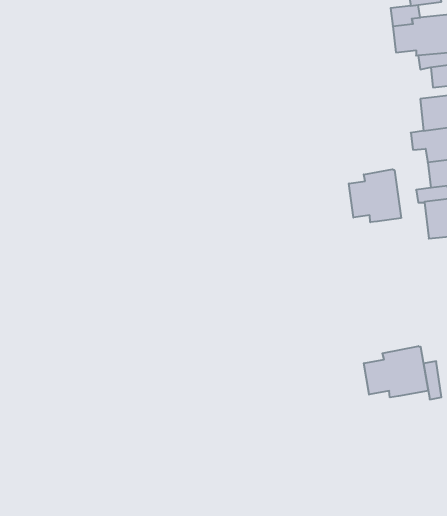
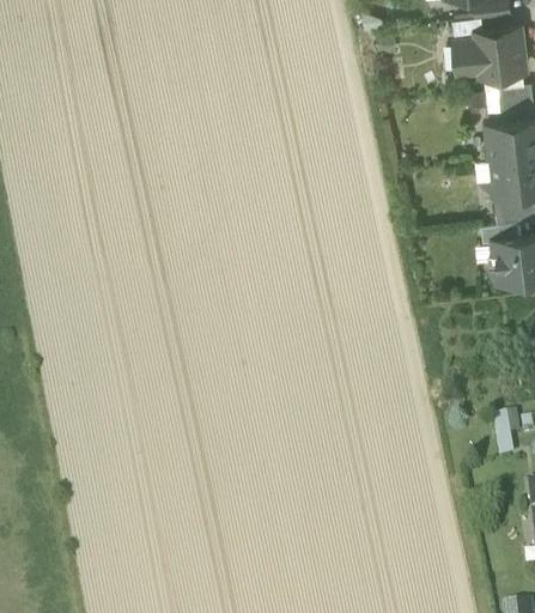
building: [349,169,401,222] -> none
building: [364,346,428,397] -> none

